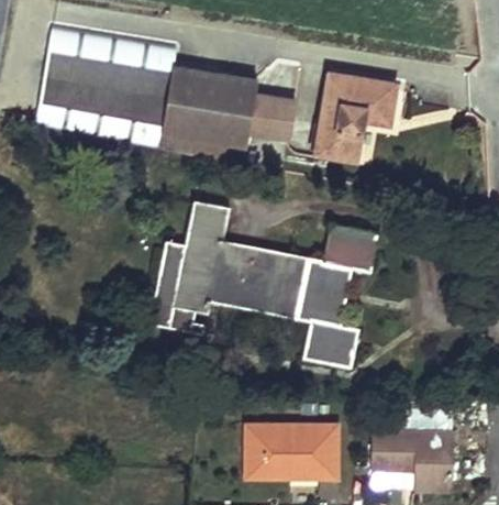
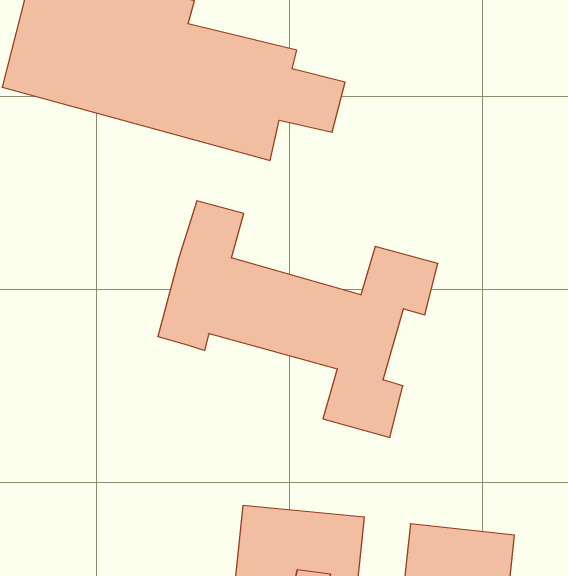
building: [315,73,397,160] -> none
building: [148,239,193,328] -> none

